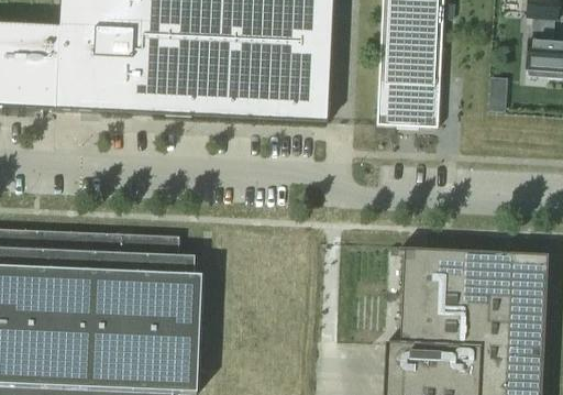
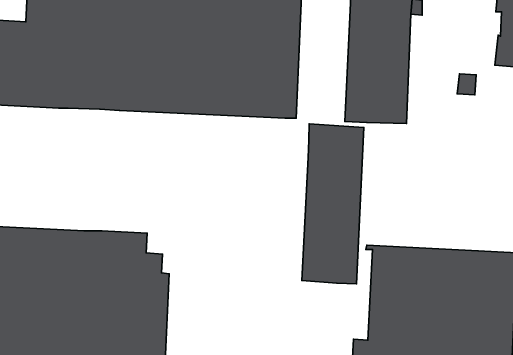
building: none -> [302,124,364,284]

